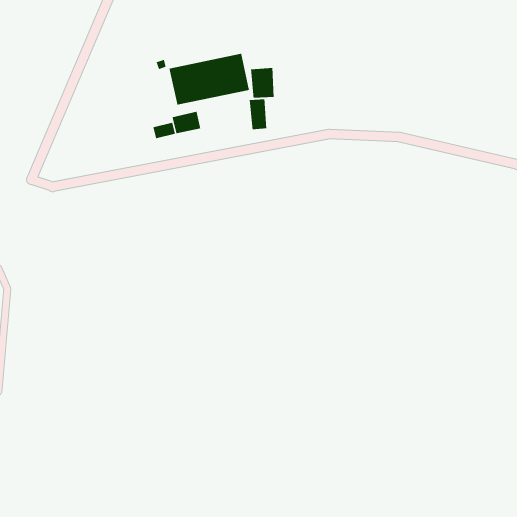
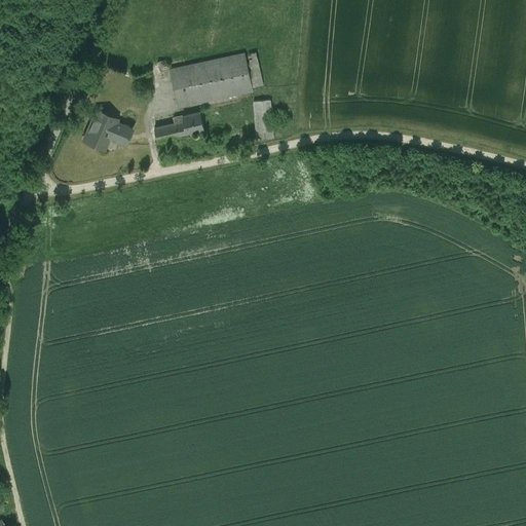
building: [250,67,275,99] -> none
building: none -> [81,109,132,148]

